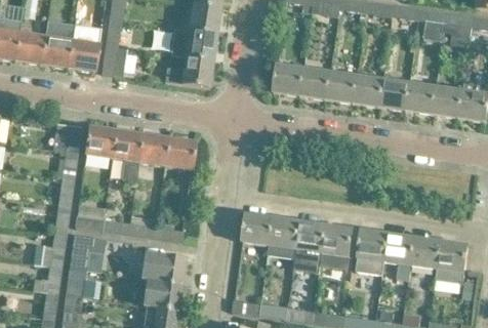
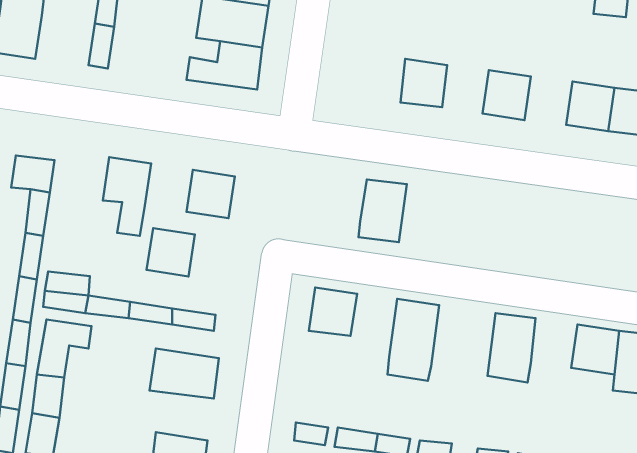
building: [68,40,98,72] -> none
building: [274,64,303,95] -> none
building: [327,72,357,102] -> none
building: [379,79,410,110] -> none
building: [84,126,115,158] -> none
building: [137,134,168,165] -> [147,228,195,276]
building: [268,217,298,257] -> [359,179,407,242]
building: [320,224,353,268] -> none
building: [383,233,413,280] -> none
building: [145,280,181,311] -> none

